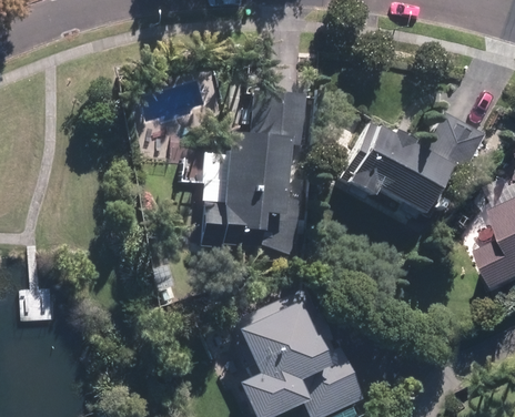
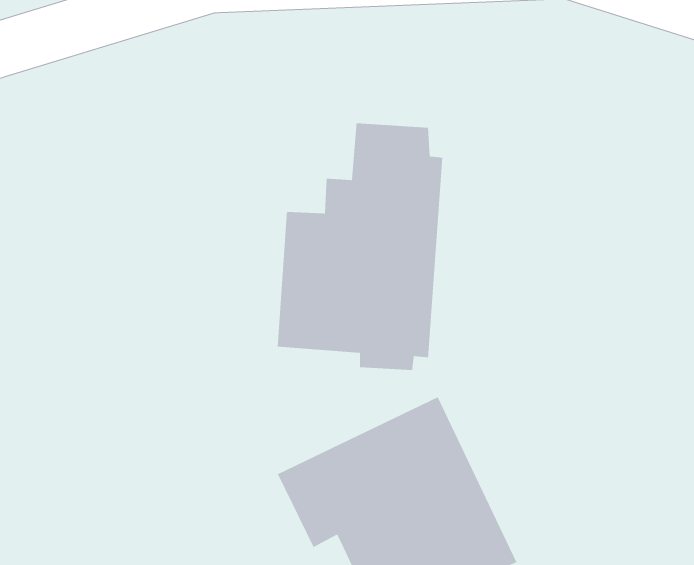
building: [339,110,484,212] -> none

